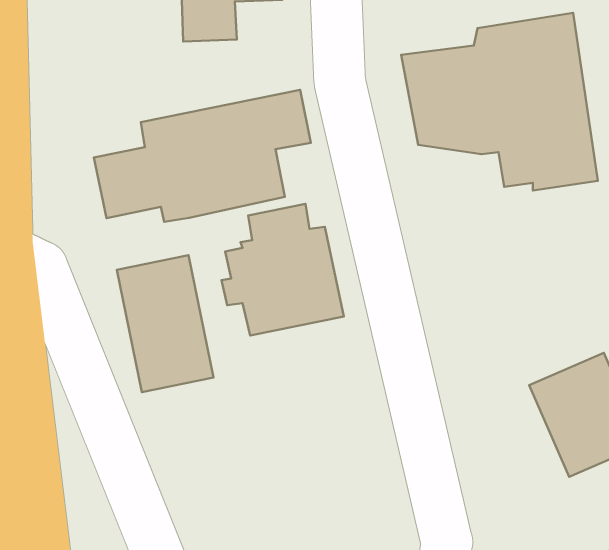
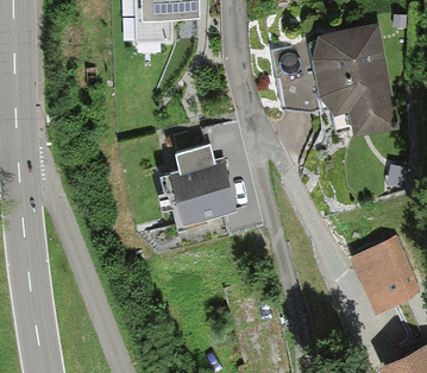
building: [94,90,311,222] -> none
building: [117,255,214,392] -> none

